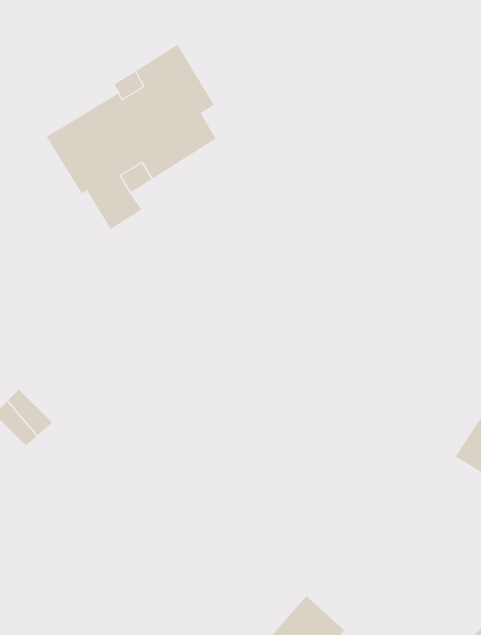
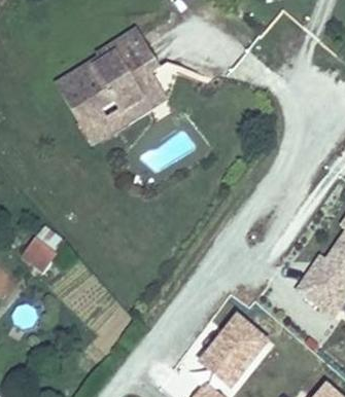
building: none -> [205,304,280,381]

